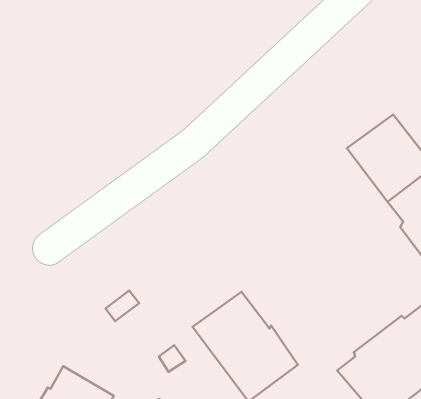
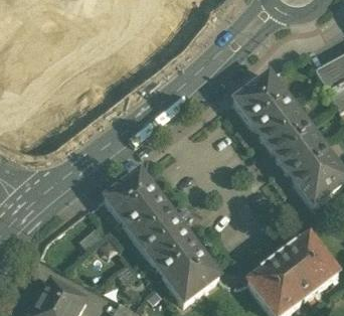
building: none -> [235,72,288,122]
building: none -> [106,168,179,249]

